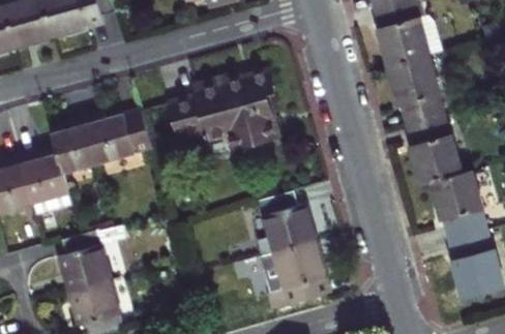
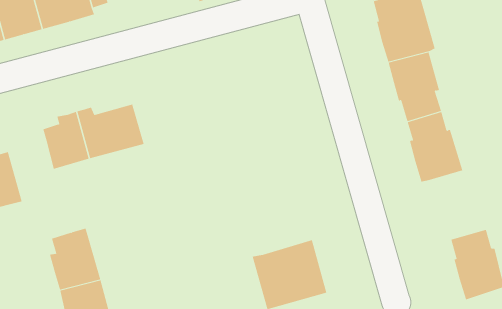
building: [169,72,277,151] -> none
building: [20,146,69,214] -> none
building: [430,172,485,242] -> none
building: [260,191,316,256] -> none

